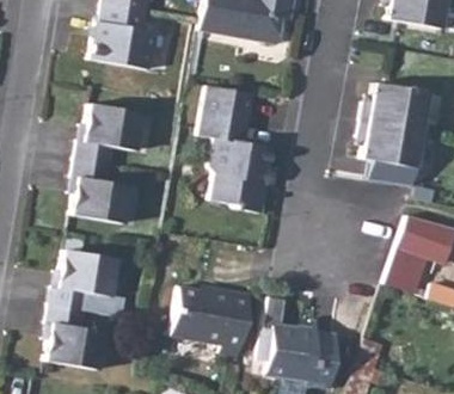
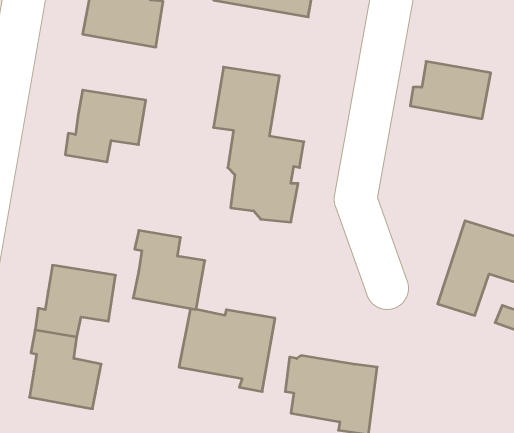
building: [358,118,422,166] -> none
building: [70,159,130,224] -> [133,230,205,309]

